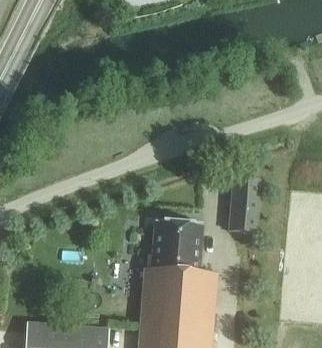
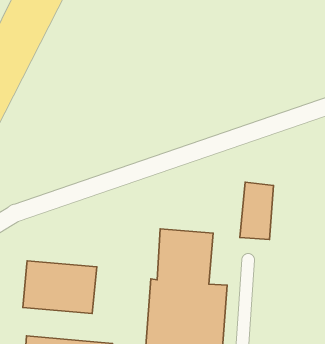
building: none -> [23,261,97,313]

